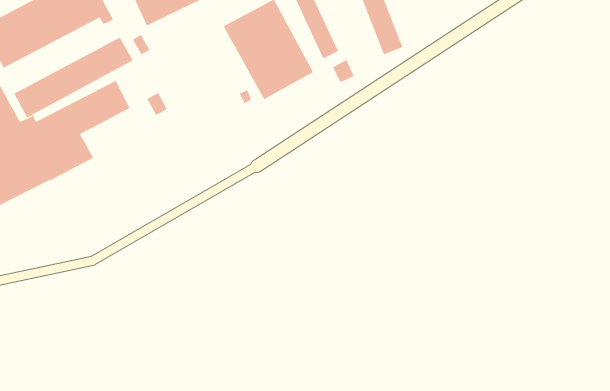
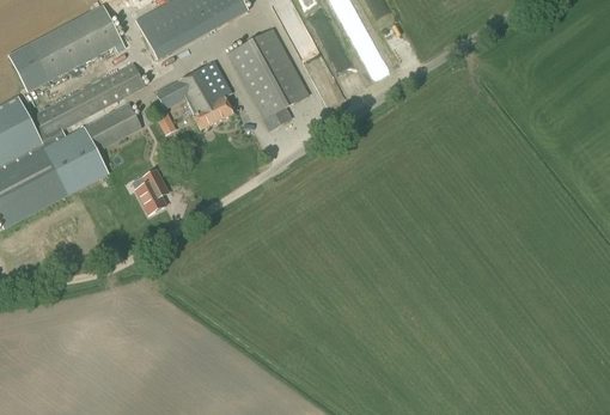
building: none -> [155,61,232,130]
building: none -> [139,176,166,212]

